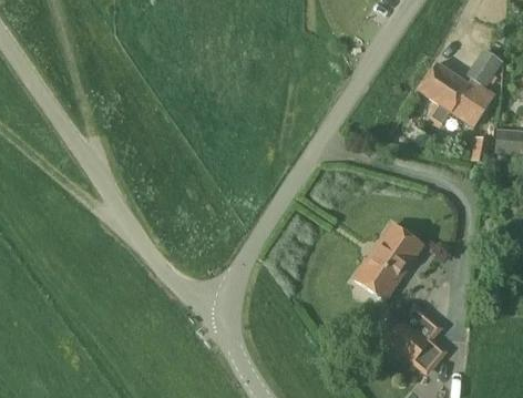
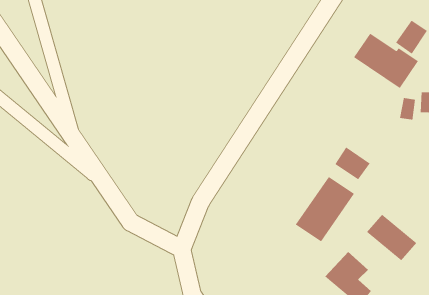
building: none -> [335,147,370,180]
building: none -> [366,214,417,261]

